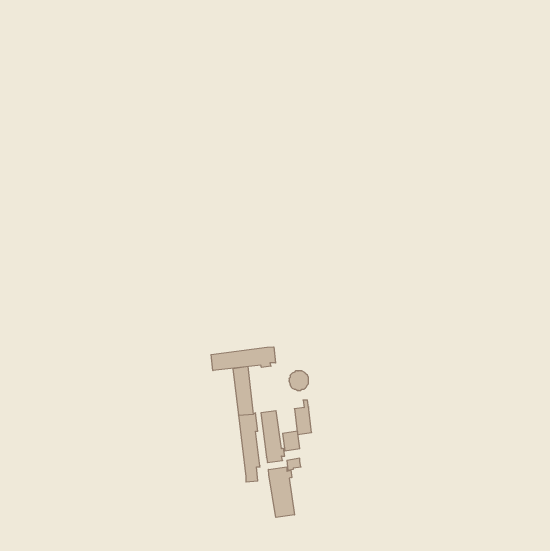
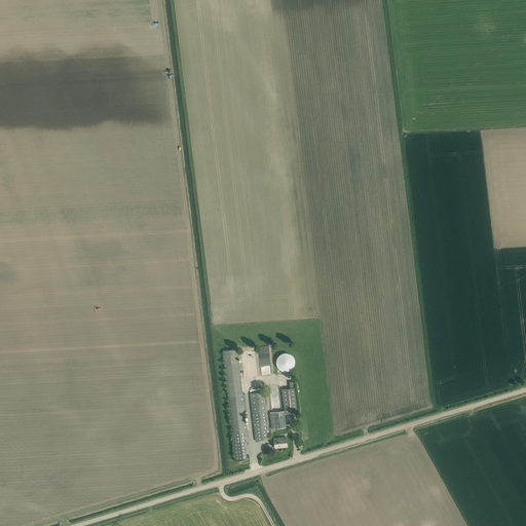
building: [211,347,276,371] -> none
building: [268,467,294,517] -> none

